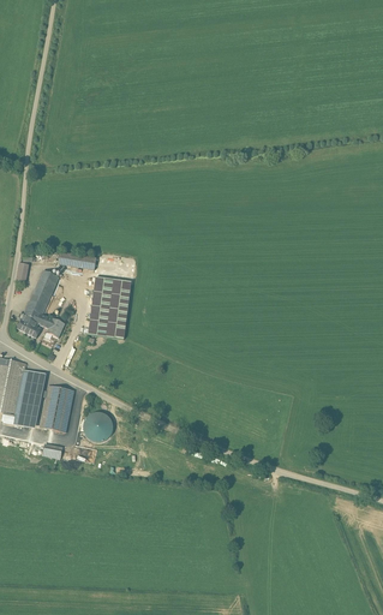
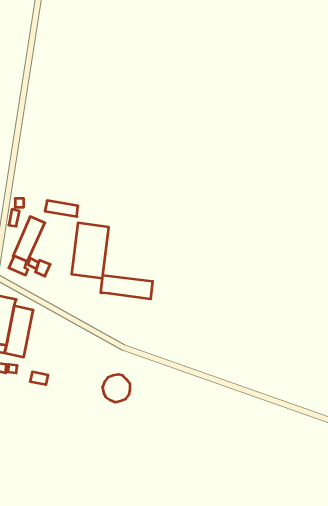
building: none -> [101,275,153,299]
building: [41,386,74,432] -> none
building: [82,412,113,443] -> [102,374,130,402]

